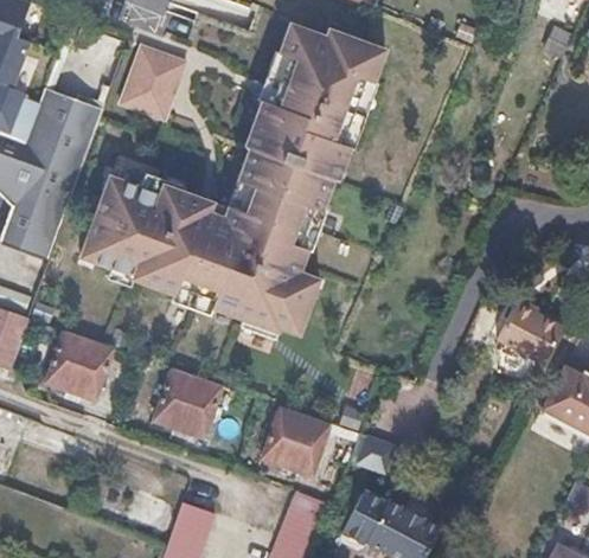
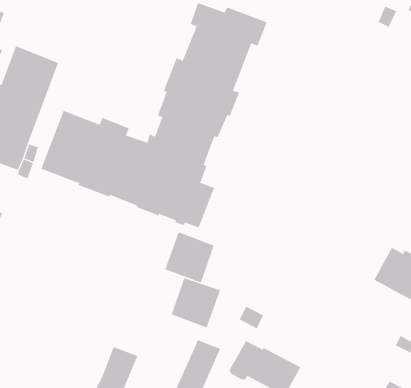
building: [121,45,187,120] -> none
building: [494,302,562,364] -> none
building: [41,327,110,397] -> none
building: [149,365,218,436] -> [164,232,215,283]

